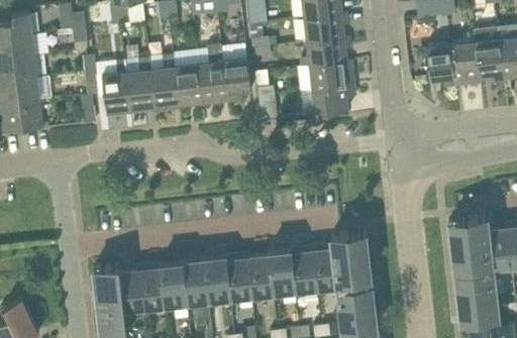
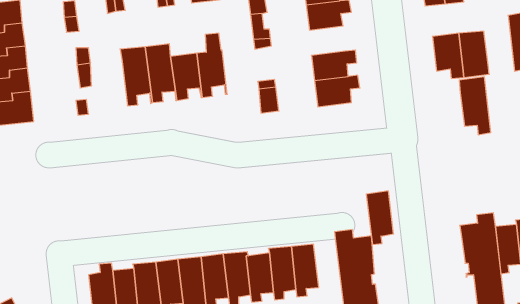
building: [474,27,504,83] -> [459,77,491,135]
building: [299,36,349,67] -> none
building: [223,59,250,103] -> none
building: [102,72,132,117] -> none
building: [311,244,337,296] -> [366,191,394,244]

